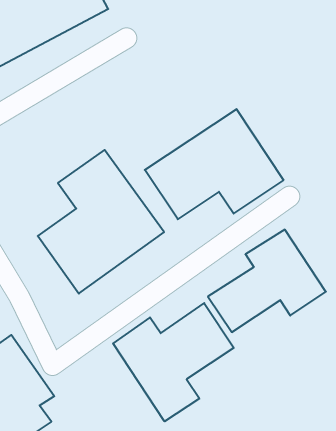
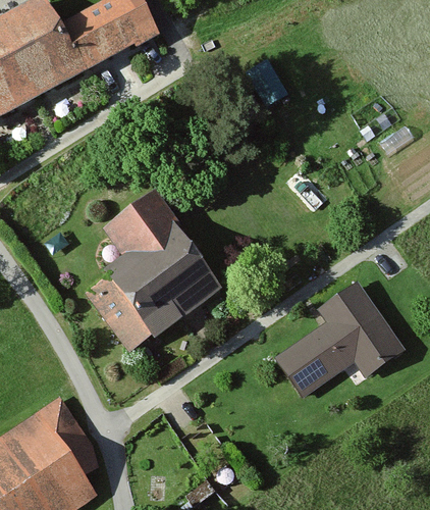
building: [145,109,283,219] -> none
building: [113,303,234,421] -> none

